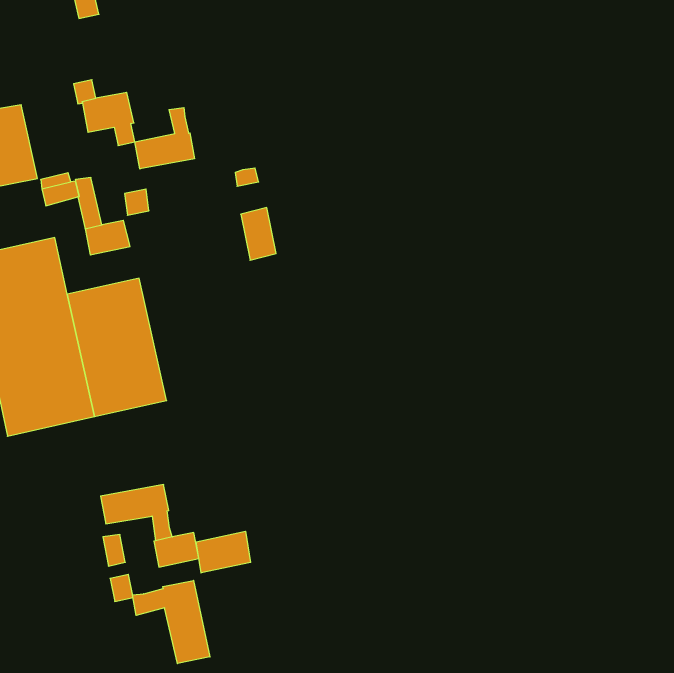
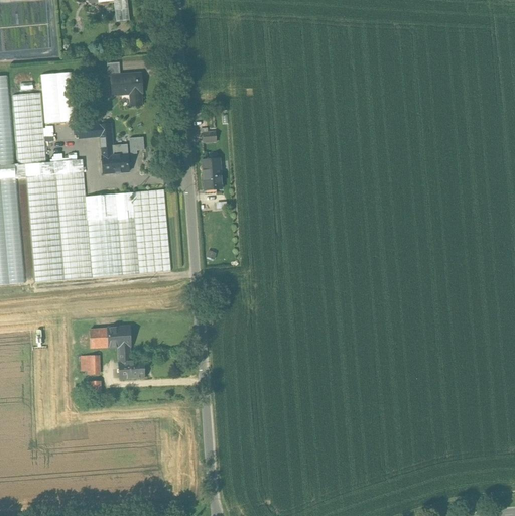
building: [135,108,194,169] -> none
building: none -> [132,189,170,273]
building: [196,531,251,573] -> none
building: [133,580,210,664] -> none

